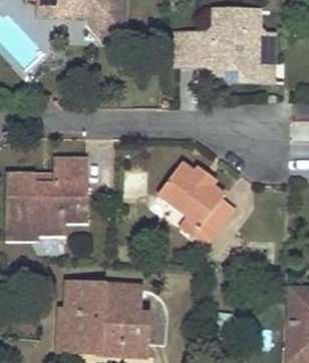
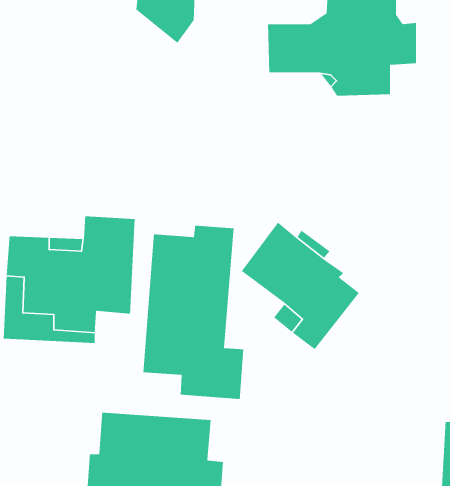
building: none -> [142,225,244,400]

